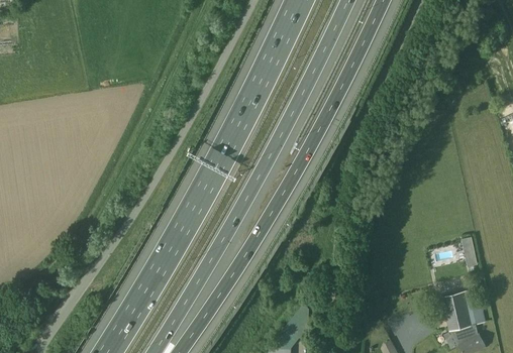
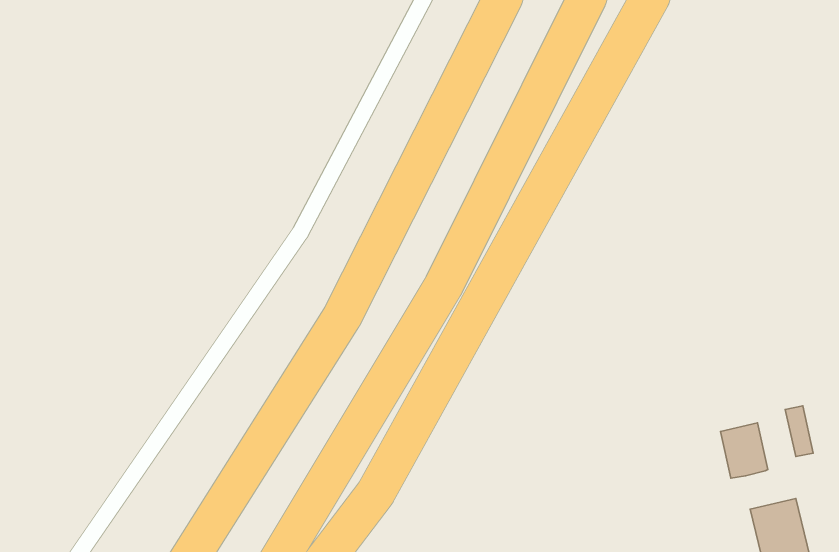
building: none -> [721,423,768,478]

